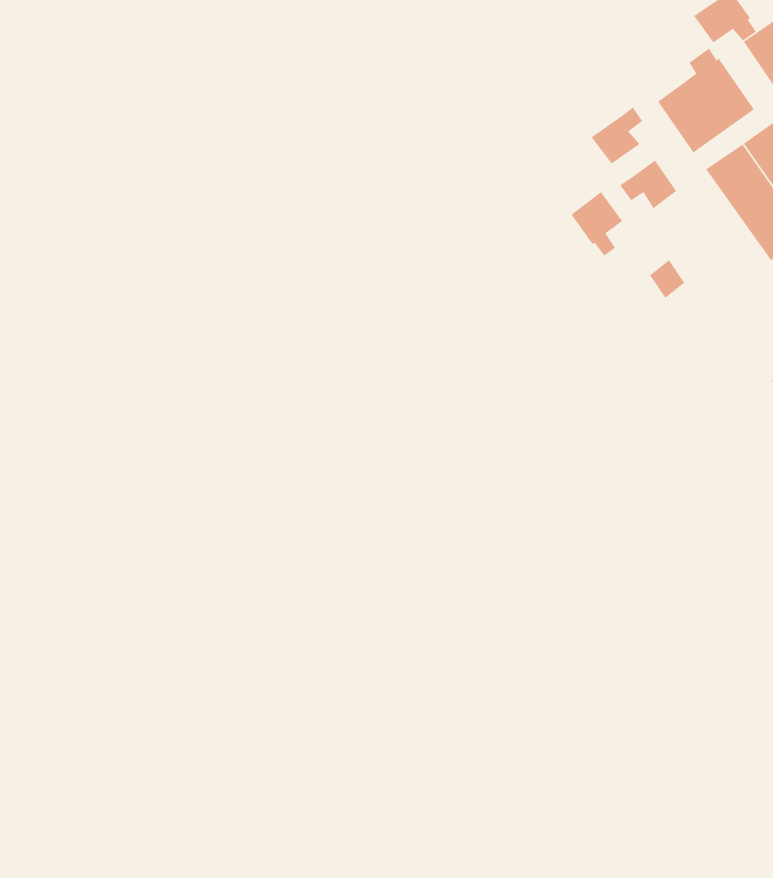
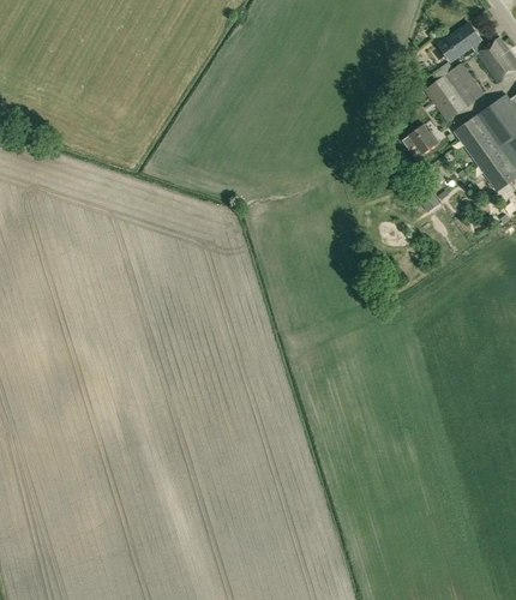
building: [590,107,643,165] -> none
building: [570,191,623,256] -> none

